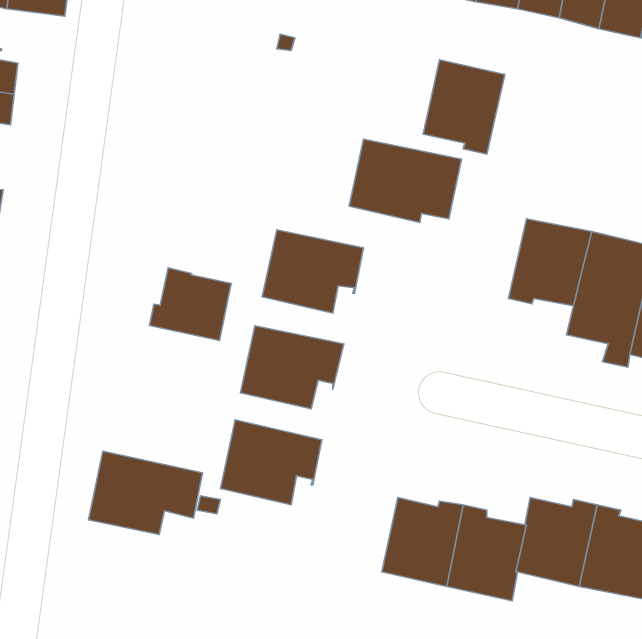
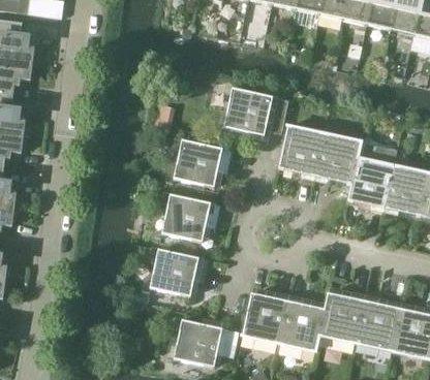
building: [423,60,505,154] -> [278,125,325,179]
building: [149,268,231,341] -> none
building: [88,451,203,534] -> [174,319,239,367]

